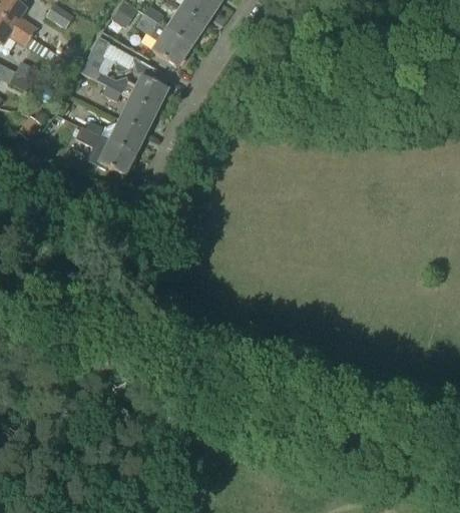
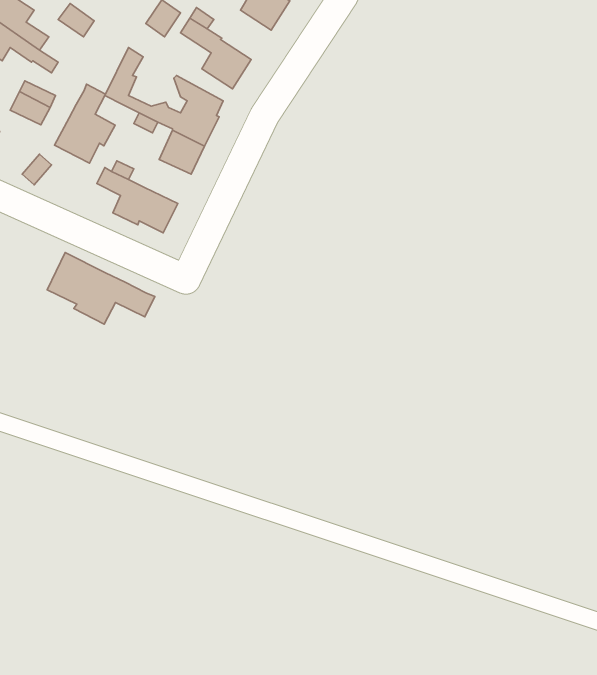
building: [167,8,205,45] -> none
building: none -> [54,84,115,163]
building: [110,120,145,153] -> none
building: none -> [47,252,155,324]

